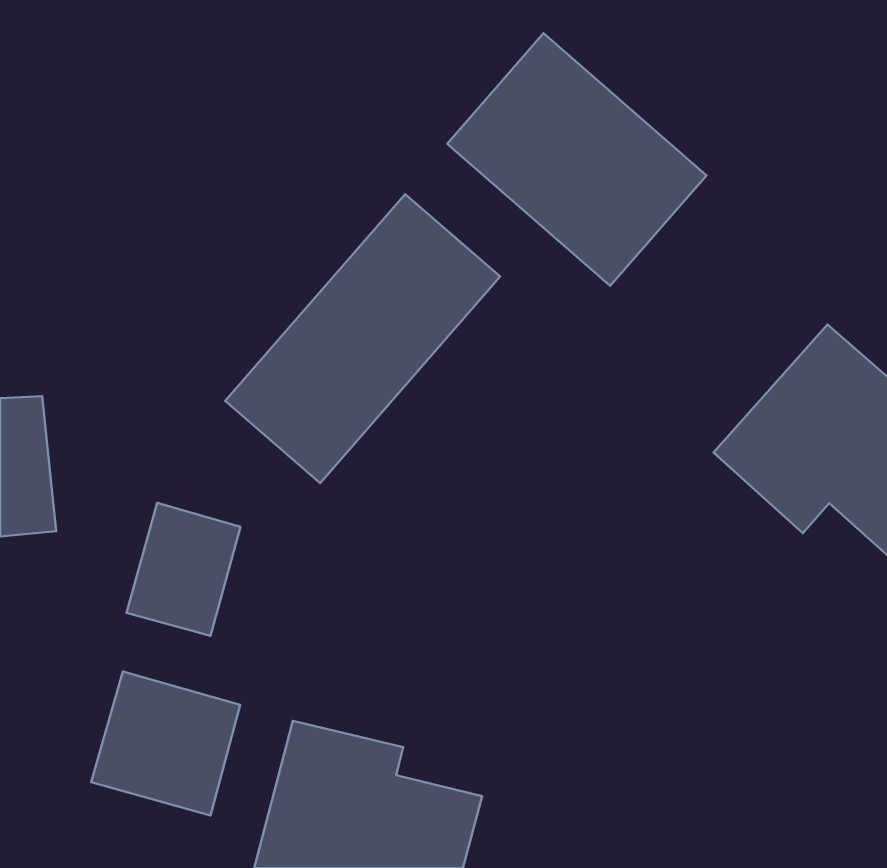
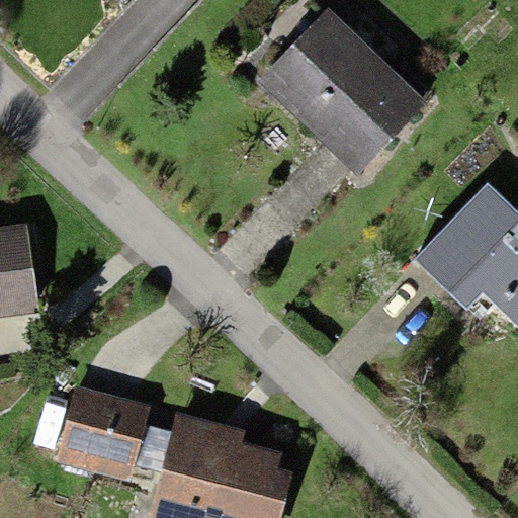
building: [225,194,500,483] -> none
building: [126,503,241,636] -> none

